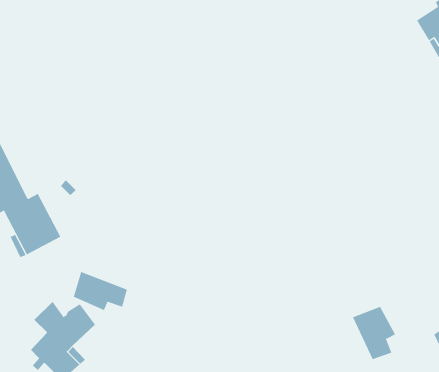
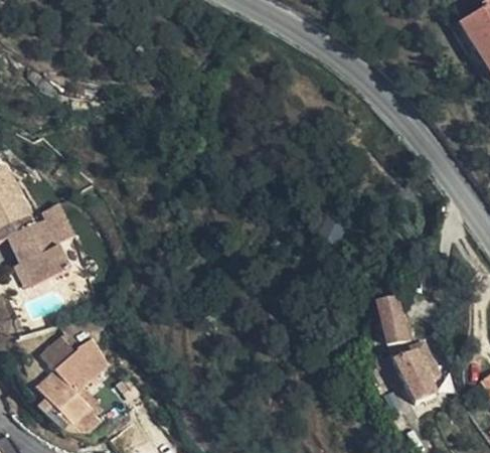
building: none -> [376,299,406,343]
building: [73,271,127,311] -> none

